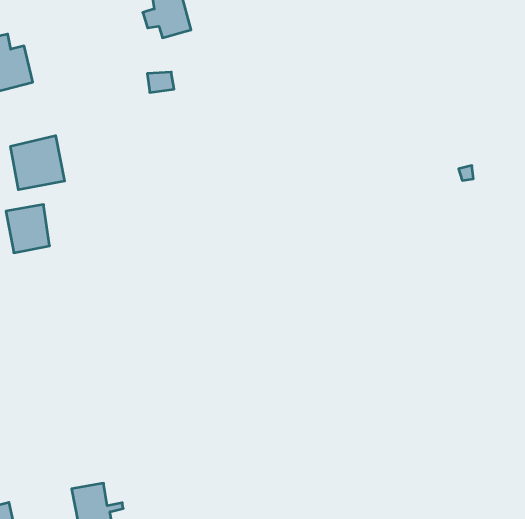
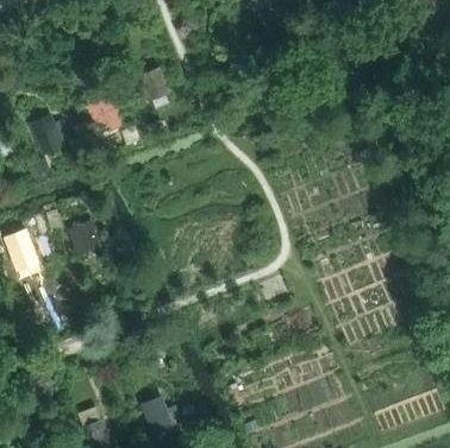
building: none -> [86,95,123,130]
building: [11,136,65,190] -> none

